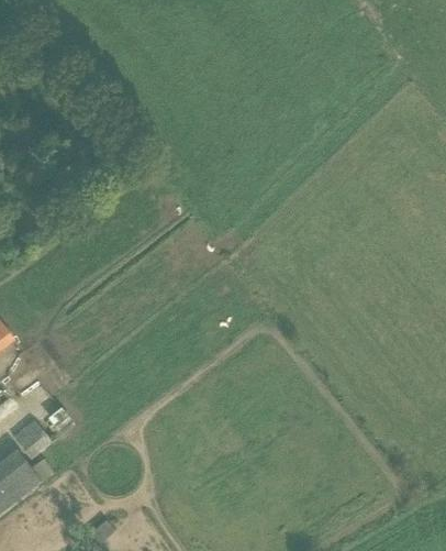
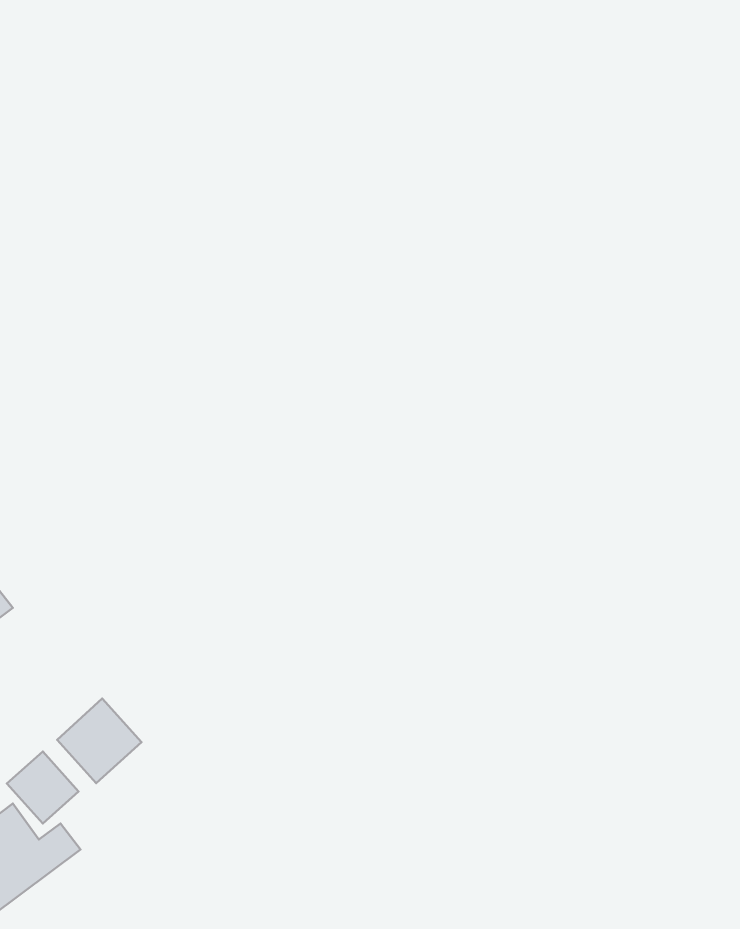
building: none -> [57,699,141,783]

